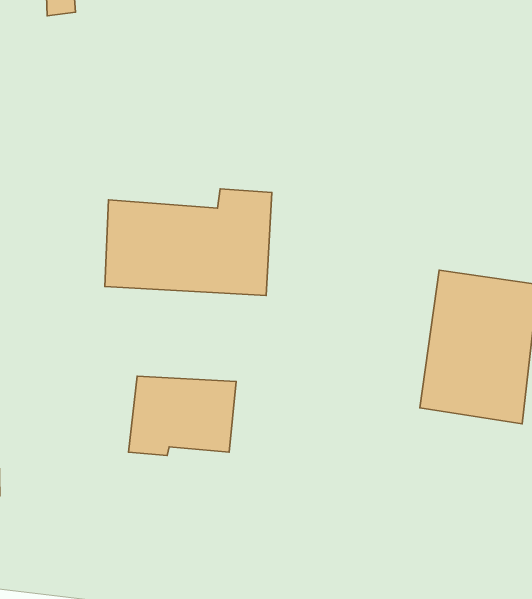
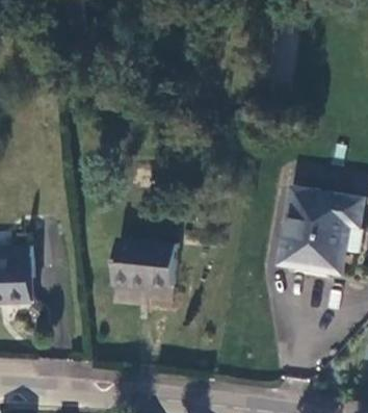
building: [105,189,272,296] -> none

